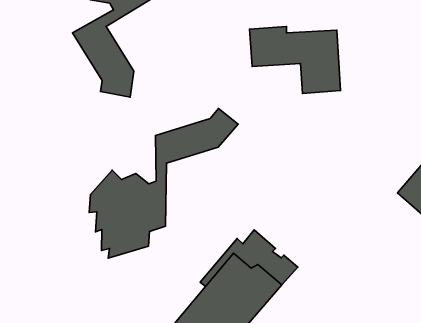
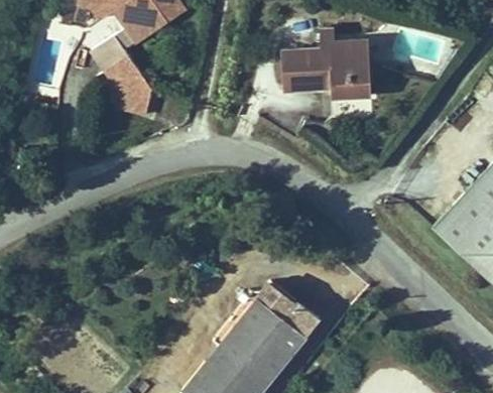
building: none -> [312,30,367,56]
building: [89,109,238,258] -> none

